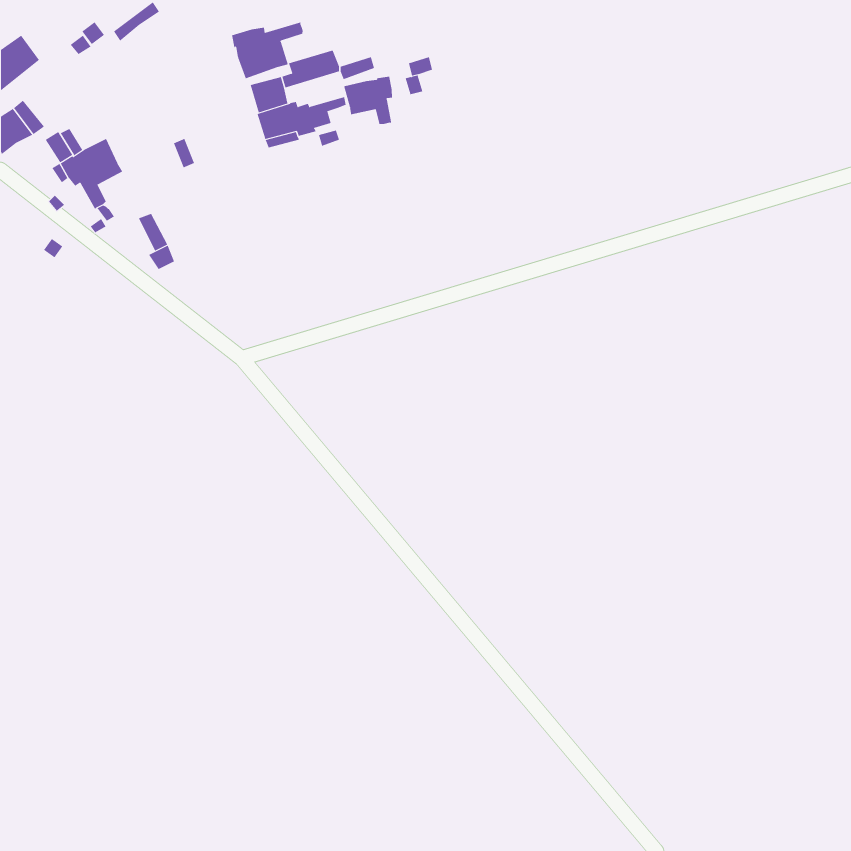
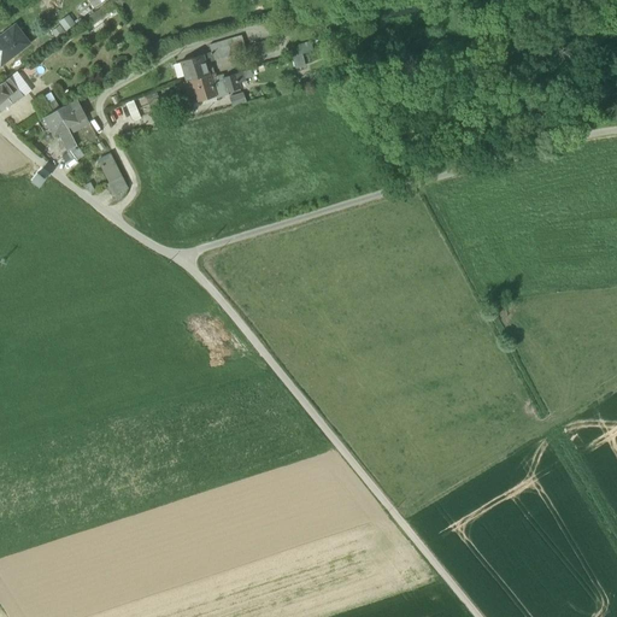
building: [231,22,303,79] -> none
building: [343,76,392,125] -> none

